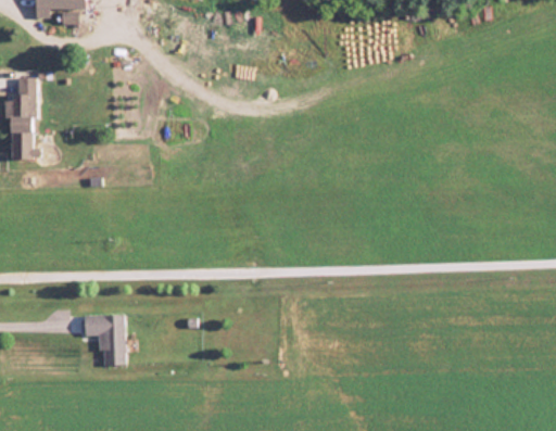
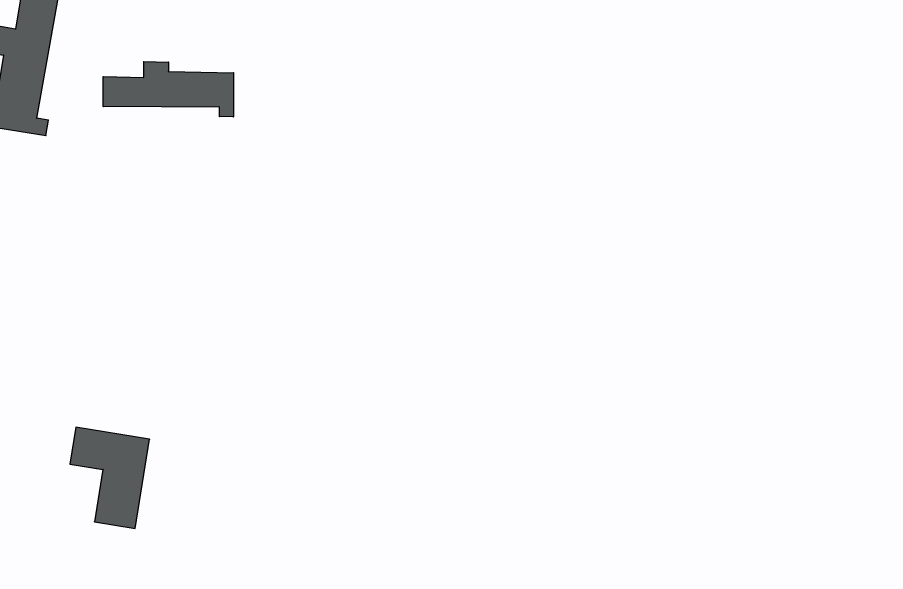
building: none -> [103,62,234,117]

